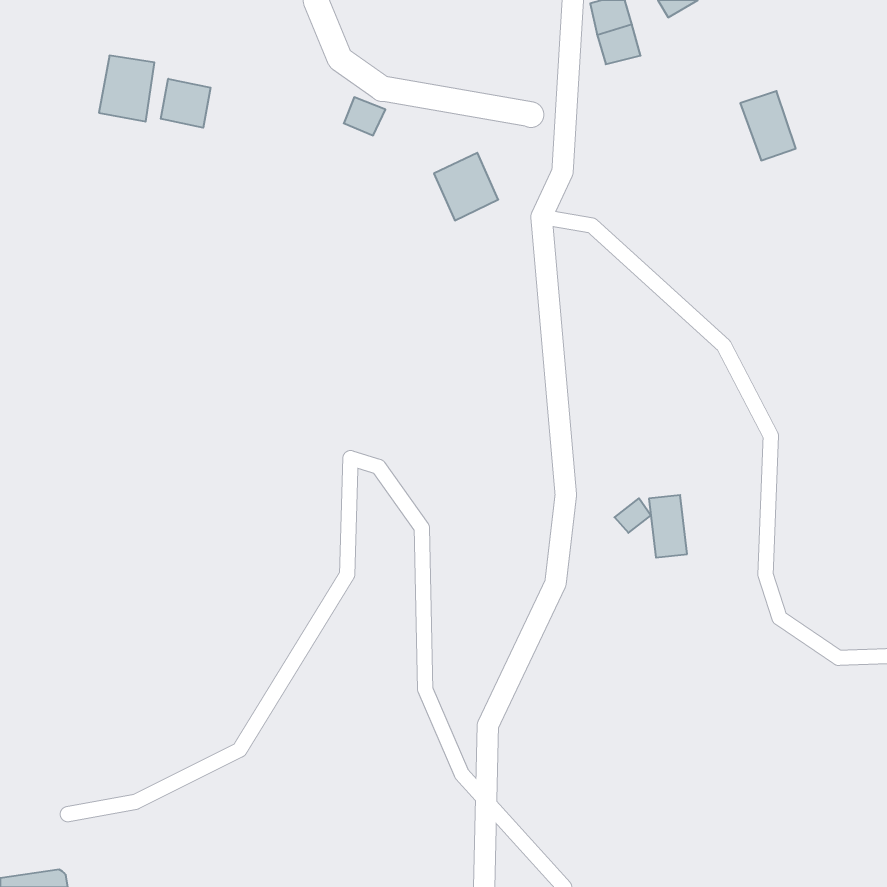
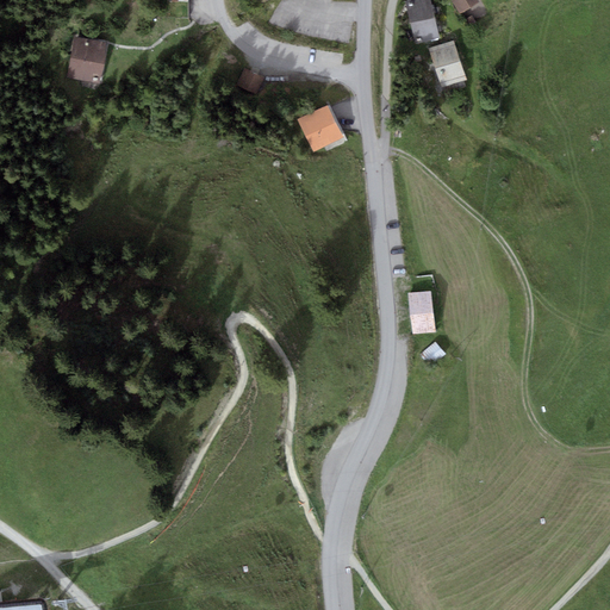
building: [161,79,211,128] -> none
building: [740,91,796,160] -> [429,41,467,88]
building: [649,495,687,558] -> [409,291,435,334]

